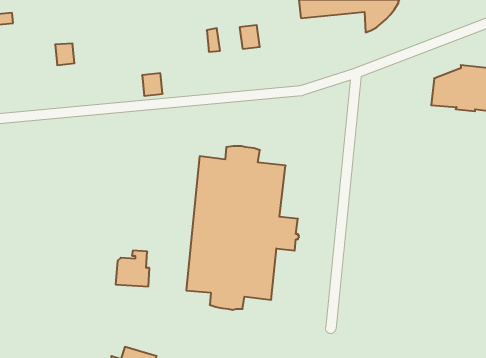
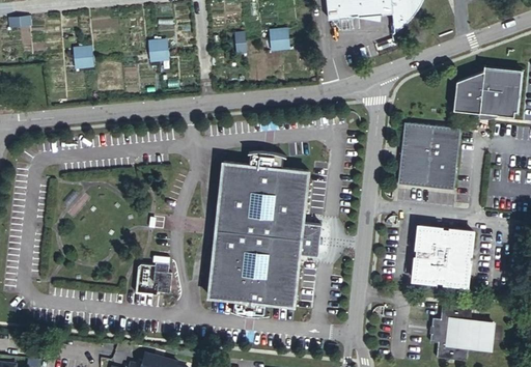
building: [142,73,163,96] -> [149,39,170,62]
building: none -> [400,123,462,189]
building: none -> [416,224,474,284]
building: none -> [429,303,493,360]

